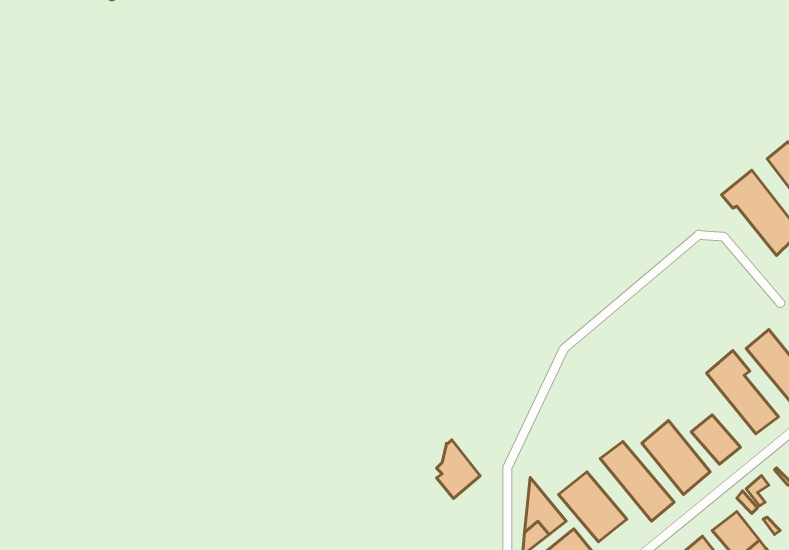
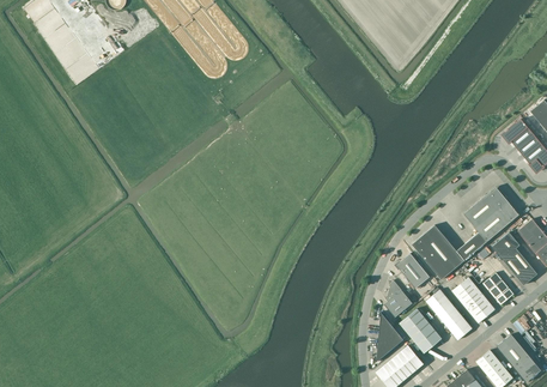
building: none -> [412,187,518,279]
building: none -> [396,254,430,289]
building: [437,440,480,499] -> [384,280,412,318]

